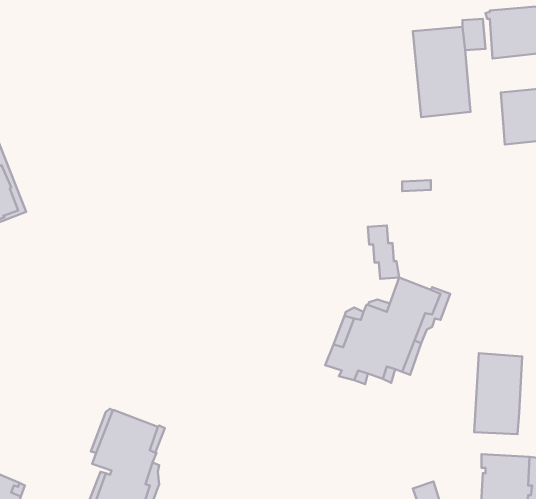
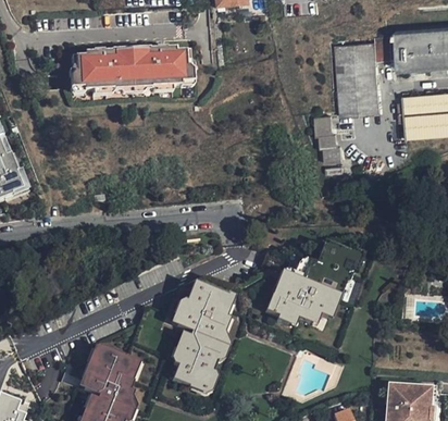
building: none -> [72,47,195,89]
building: [368,225,399,279] -> [313,116,338,159]
building: none -> [173,284,227,389]
building: [474,353,522,434] -> none

